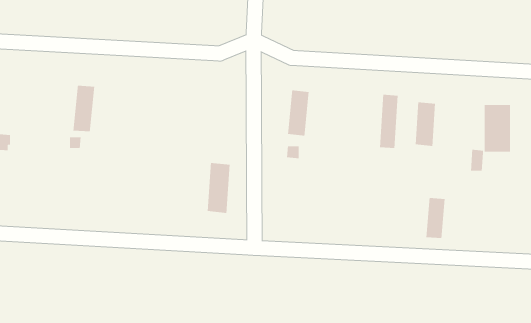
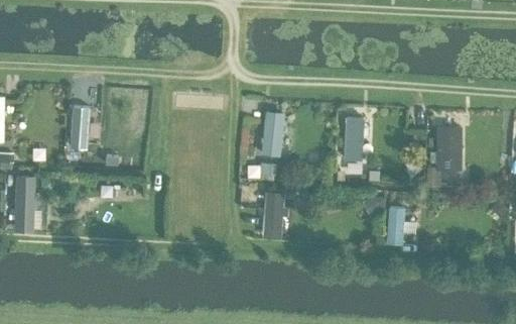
building: [415,101,436,147] -> none
building: none -> [14,176,35,233]
building: [207,162,230,214] -> [261,191,282,237]

